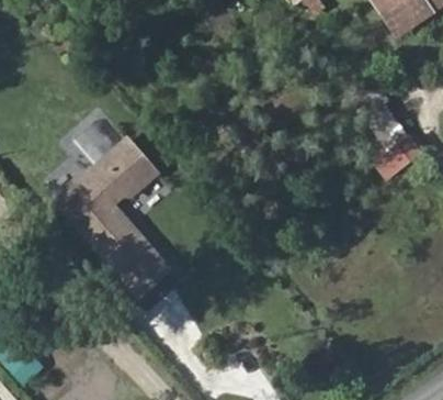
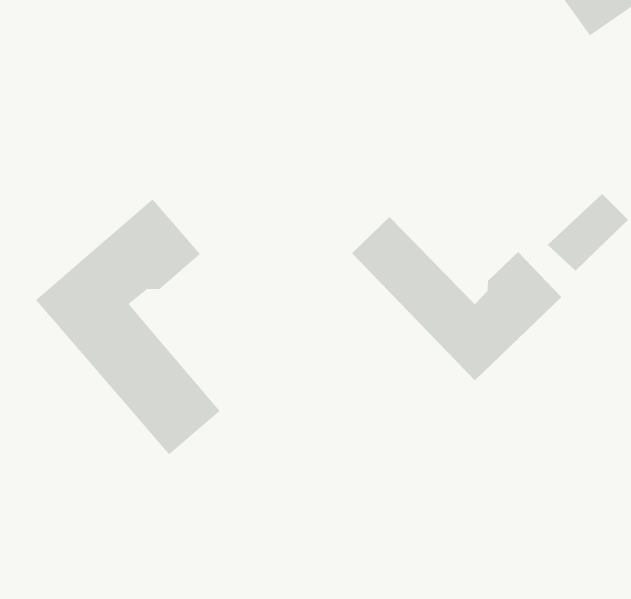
building: none -> [351,216,562,381]

